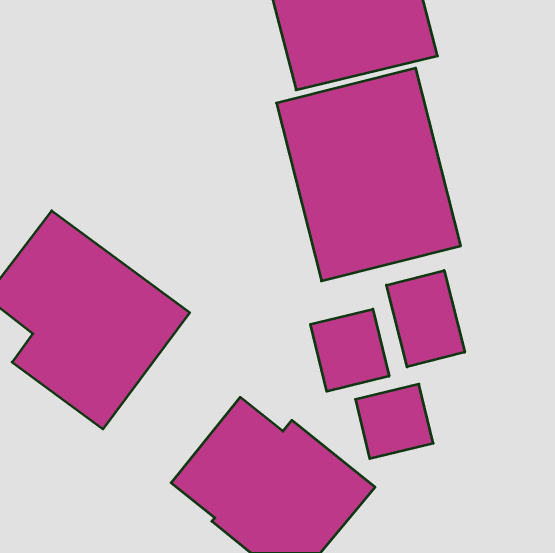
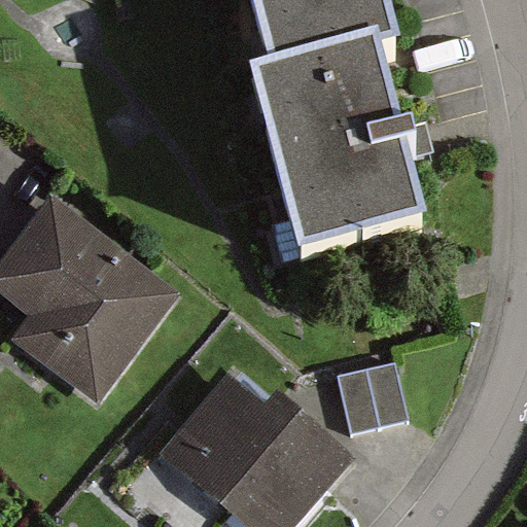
building: [386,270,465,367] -> none
building: [310,309,389,391] -> none

